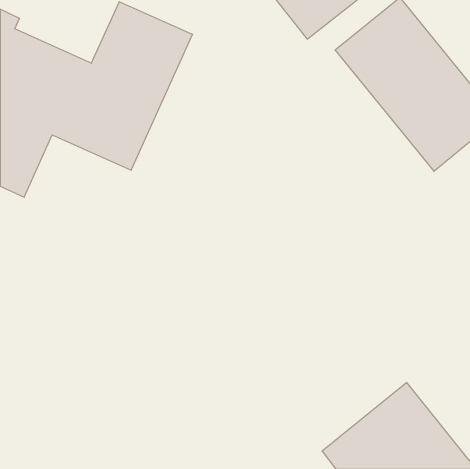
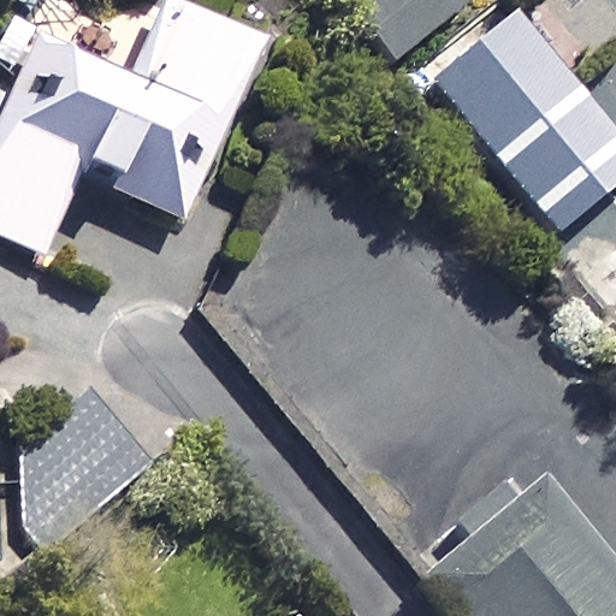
building: none -> [24,392,155,527]

